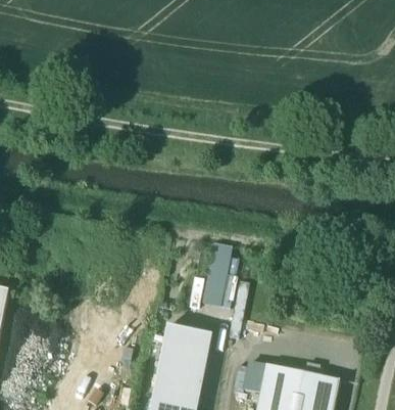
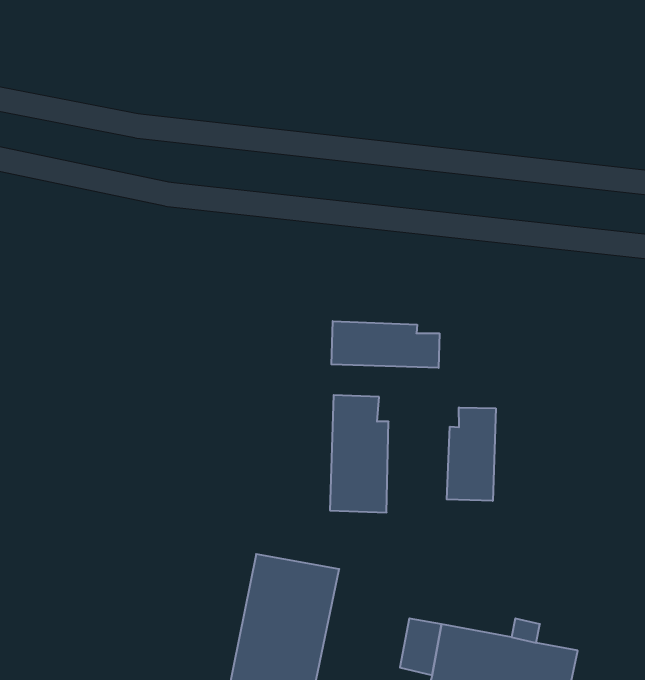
building: none -> [331,321,439,368]
building: none -> [447,407,496,501]

